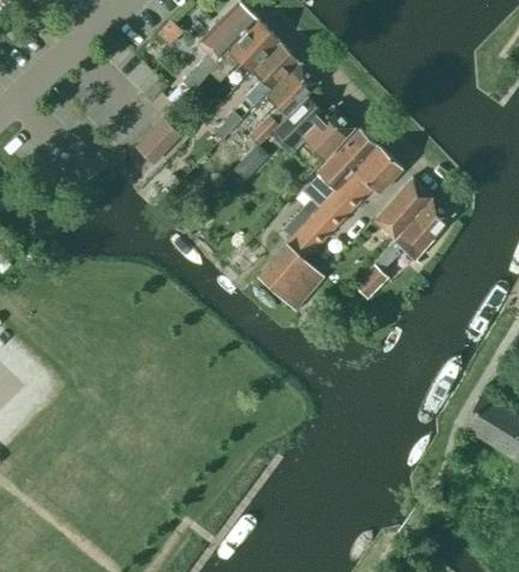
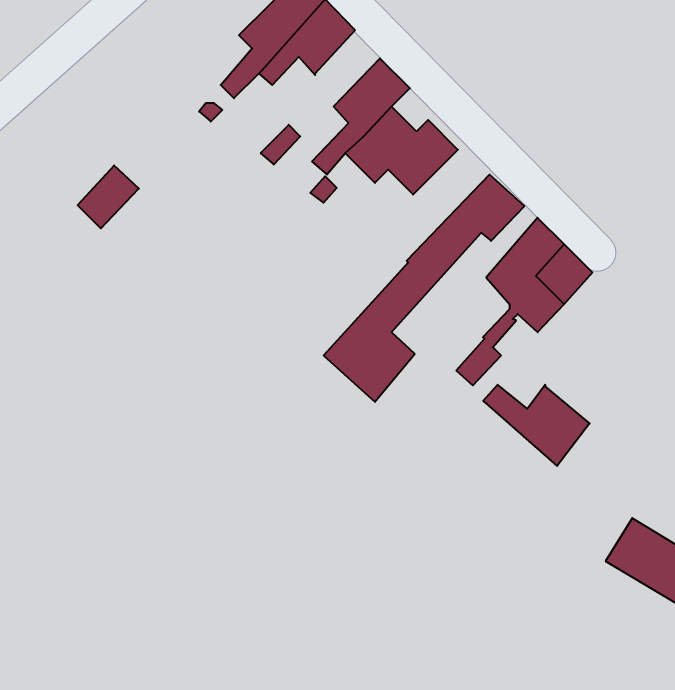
building: [246,41,298,106] -> none
building: [135,118,180,164] -> [78,165,139,228]
building: [280,129,378,239] -> none
building: none -> [483,385,590,466]

